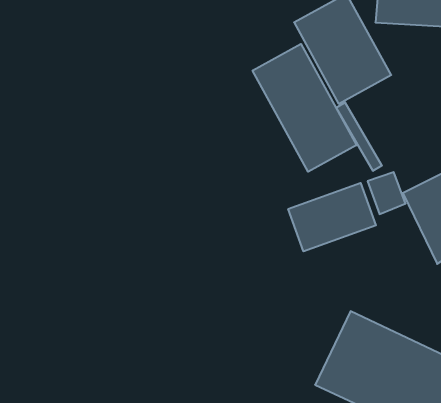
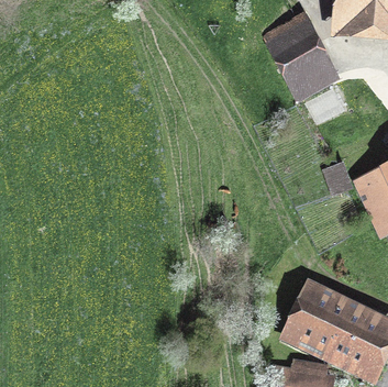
building: [253,44,357,172] -> none
building: [288,183,376,251] -> none

